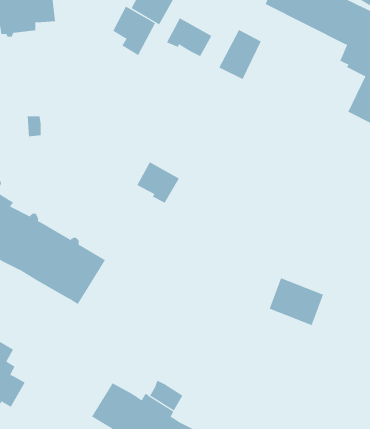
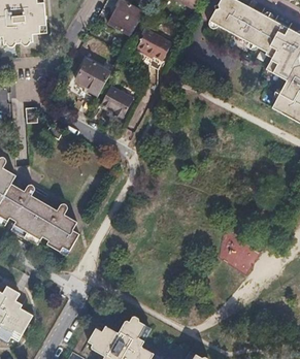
building: [112,6,156,56] -> [76,60,110,99]
building: [219,29,262,80] -> none
building: [136,161,180,203] -> [100,86,134,119]

